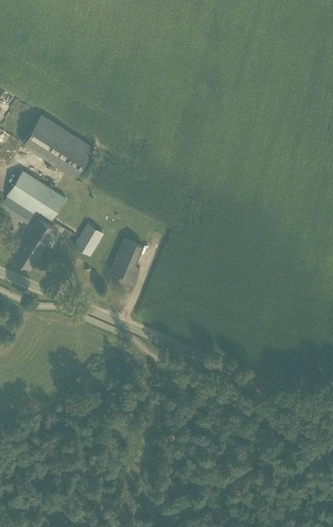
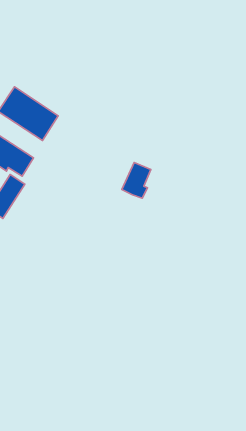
building: [74,223,105,255] -> none
building: [110,238,144,280] -> [122,162,151,198]

